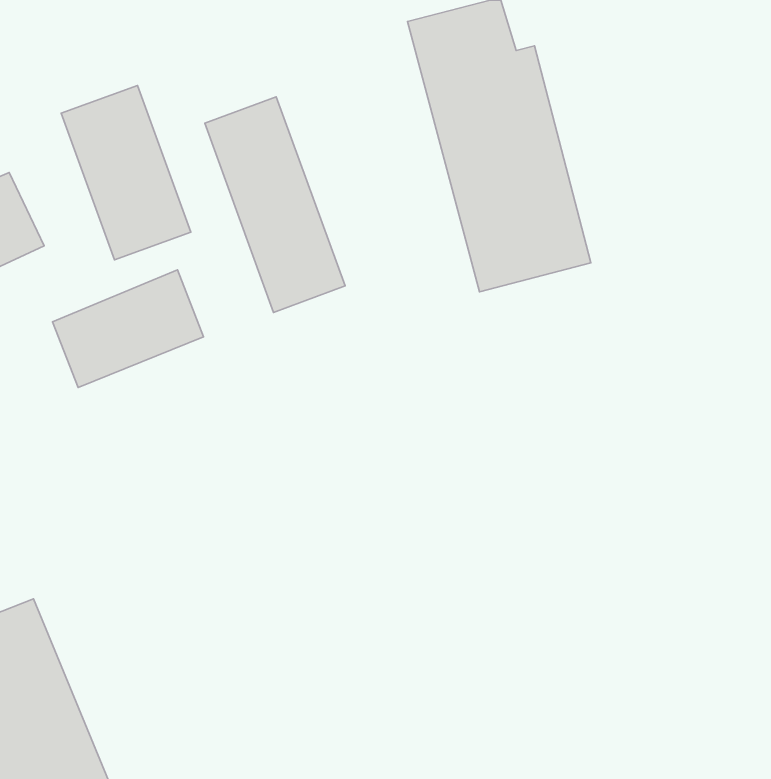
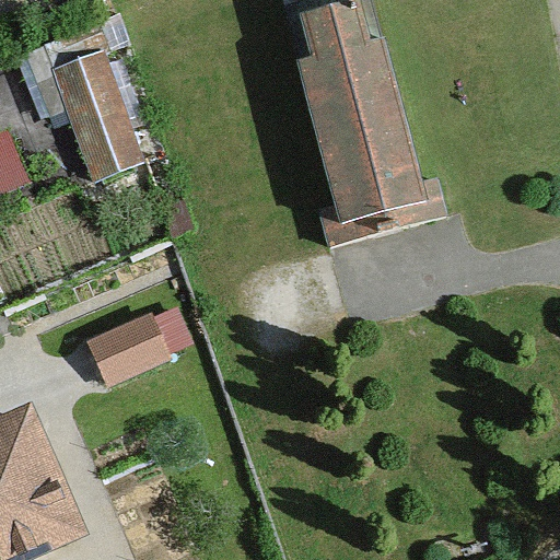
building: [205,97,345,312] -> none
building: [52,270,204,387] -> [85,298,194,382]

